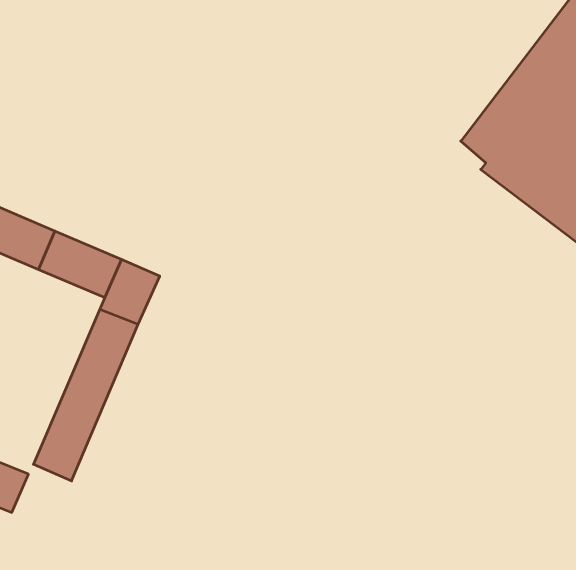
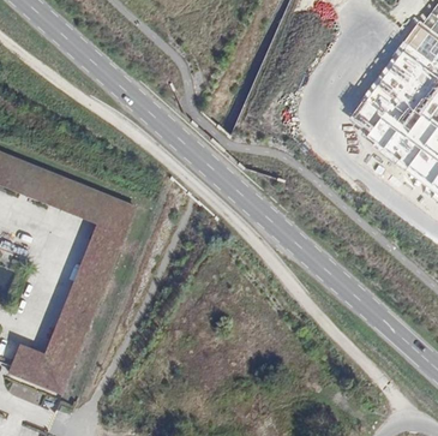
building: none -> [29,347,72,394]

